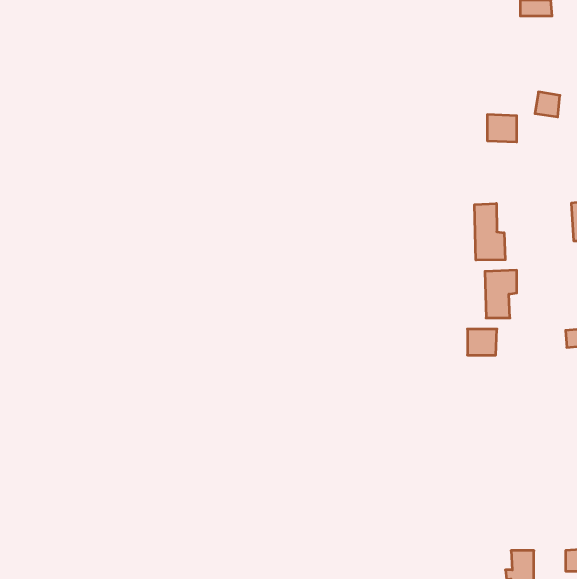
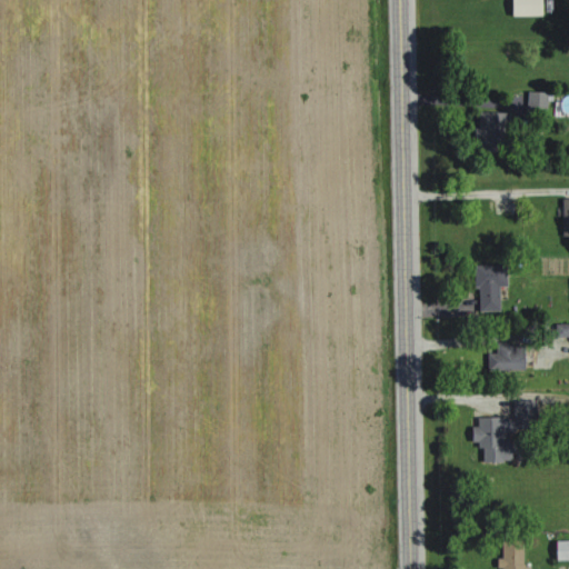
building: [475,203,505,260] -> none
building: [467,329,497,355] -> [498,345,527,370]
building: none -> [472,417,513,462]

